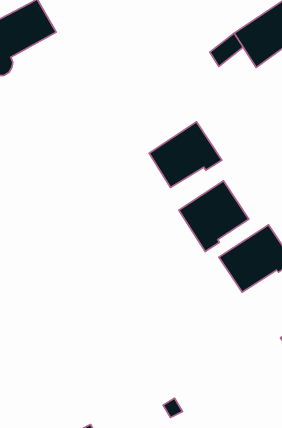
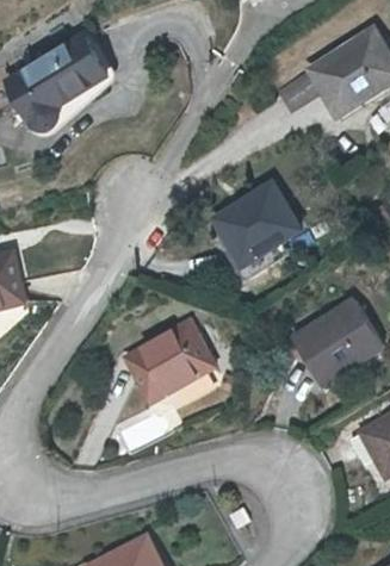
building: [179,181,249,251] -> none
building: none -> [120,323,209,403]

